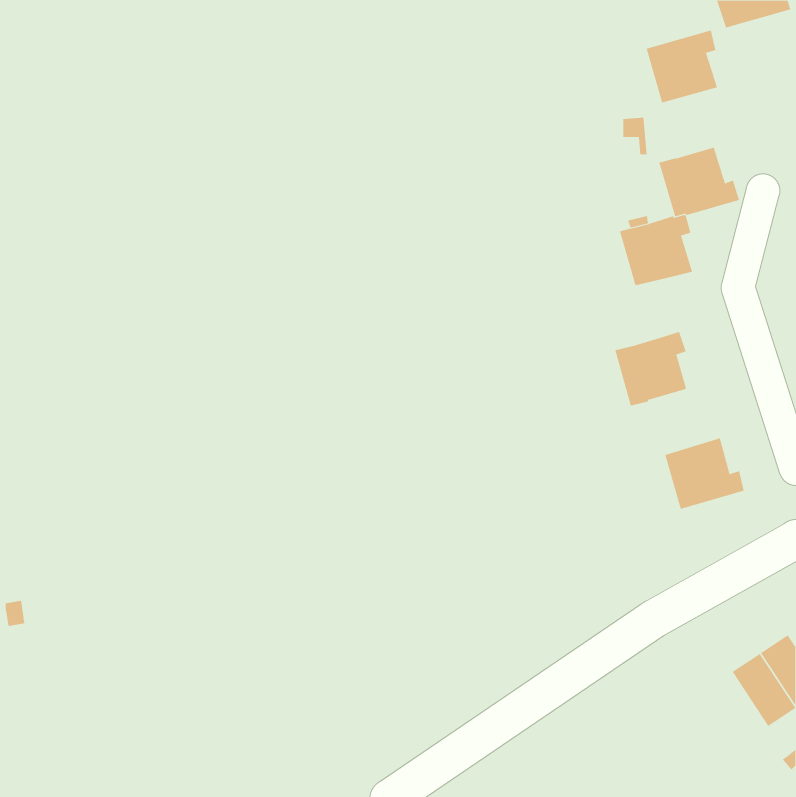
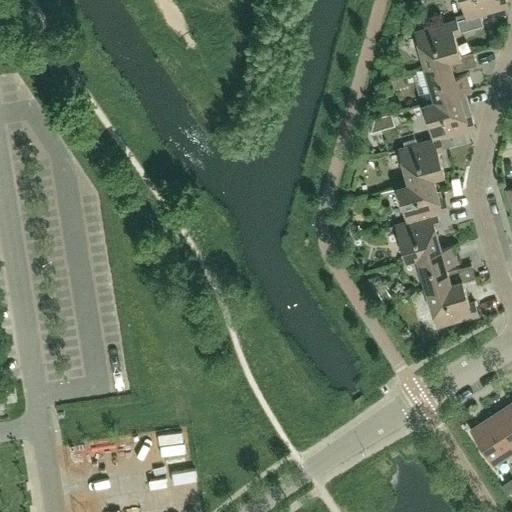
building: none -> [423,53,475,102]
building: none -> [395,178,447,222]
building: none -> [415,246,473,292]

